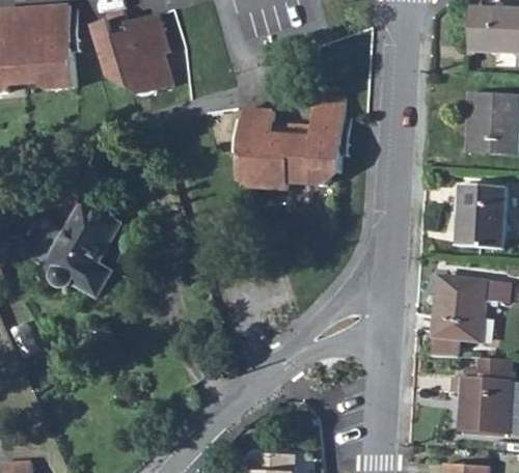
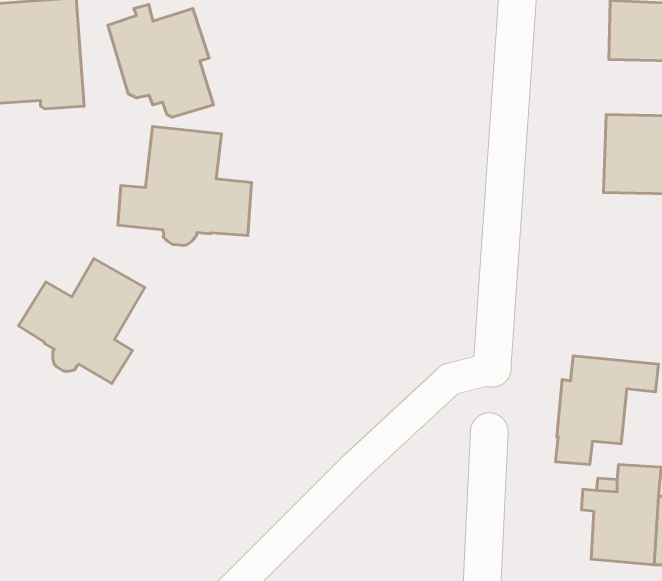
building: [238,94,345,190] -> none
building: none -> [118,126,252,245]
building: [457,184,506,248] -> none

